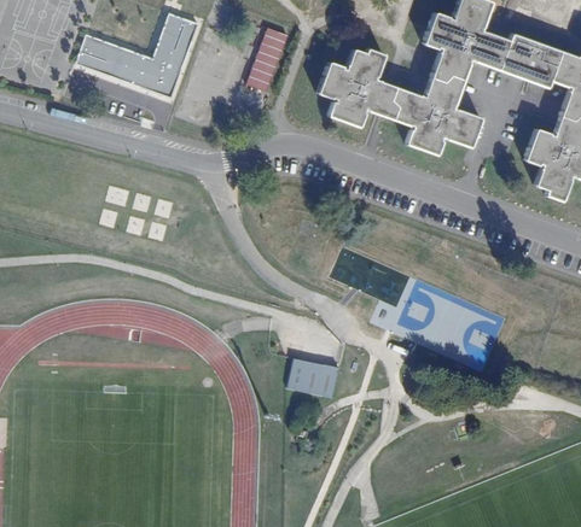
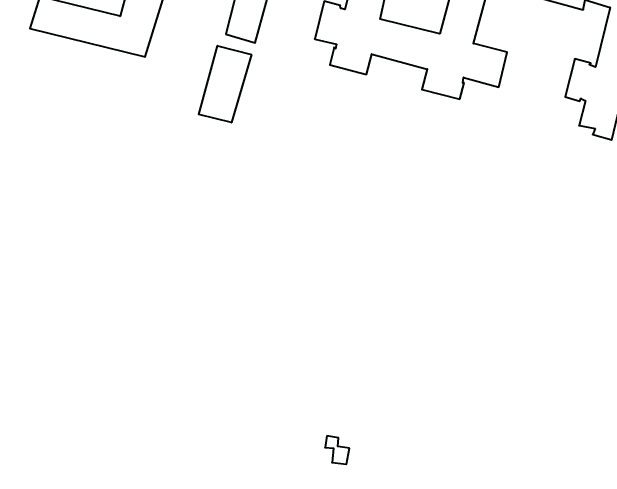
building: none -> [199,46,251,123]
building: [291,359,342,398] -> none

